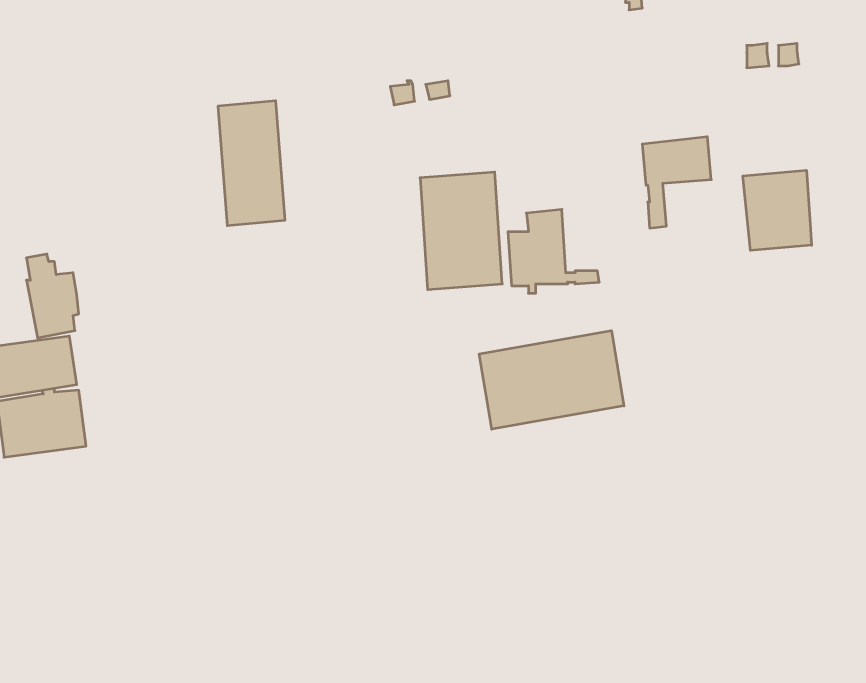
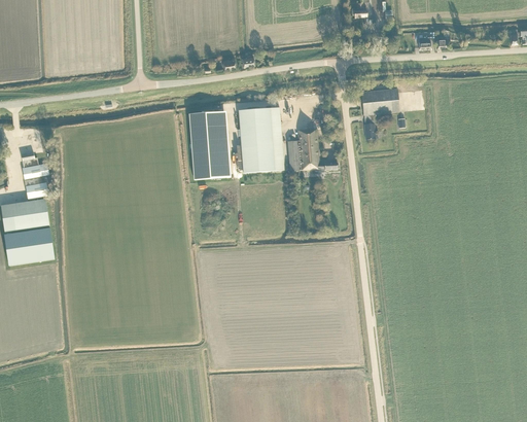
building: [218,101,285,226] -> [189,110,226,179]
building: [743,170,812,250] -> none
building: [479,331,624,429] -> none

